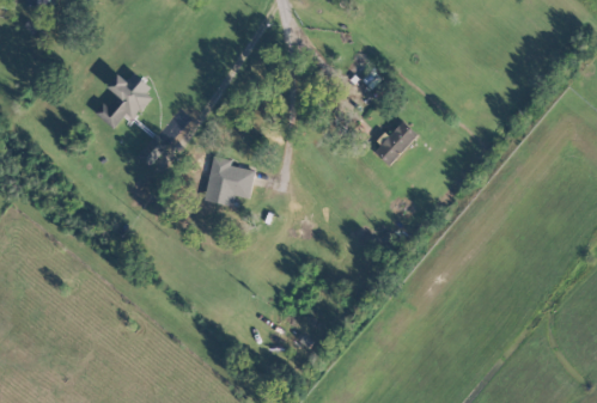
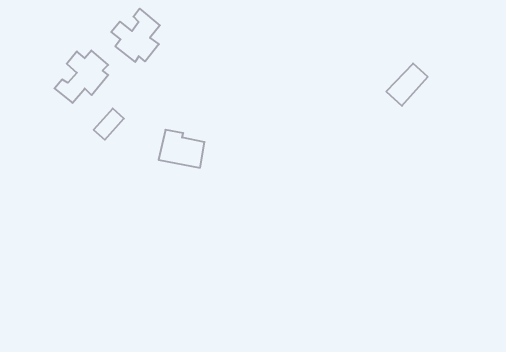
building: none -> [111,9,160,62]
building: [373,120,418,165] -> [386,63,428,106]

